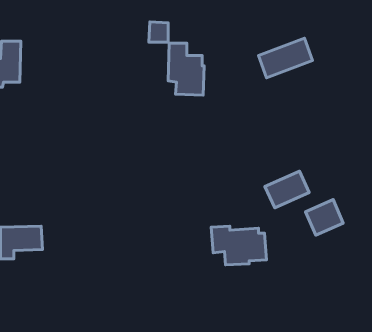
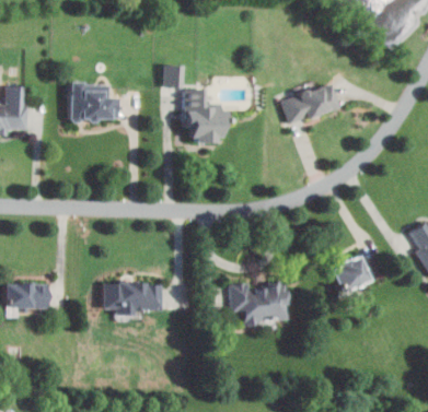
building: none -> [69,83,117,120]
building: [265,171,309,208] -> none
building: none -> [102,283,161,315]

